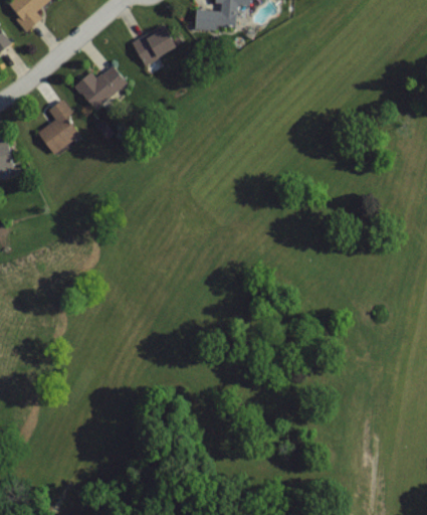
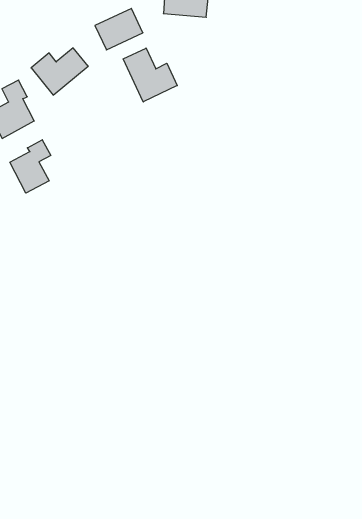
building: none -> [123,48,177,102]
building: none -> [10,140,51,193]

